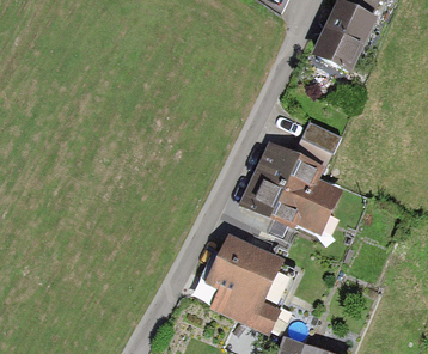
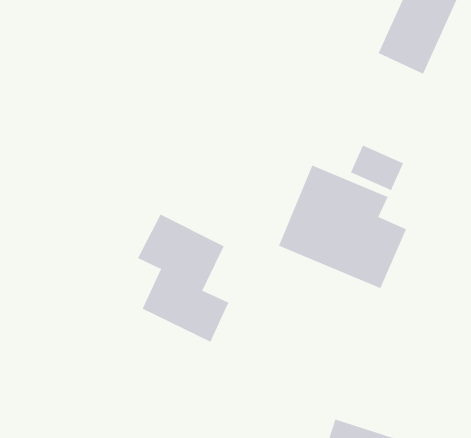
building: [213,240,285,341] -> [137,214,229,342]

